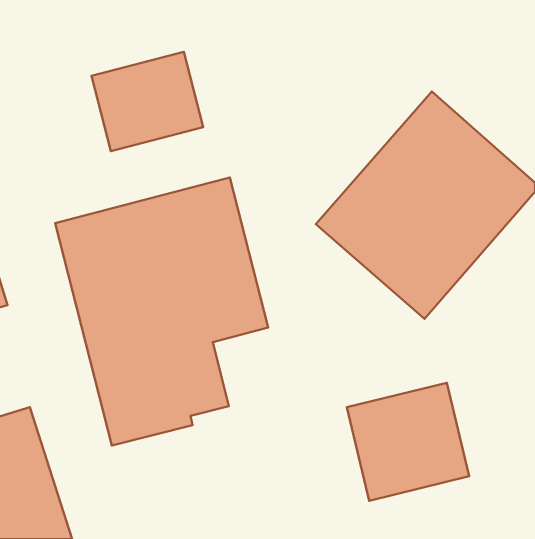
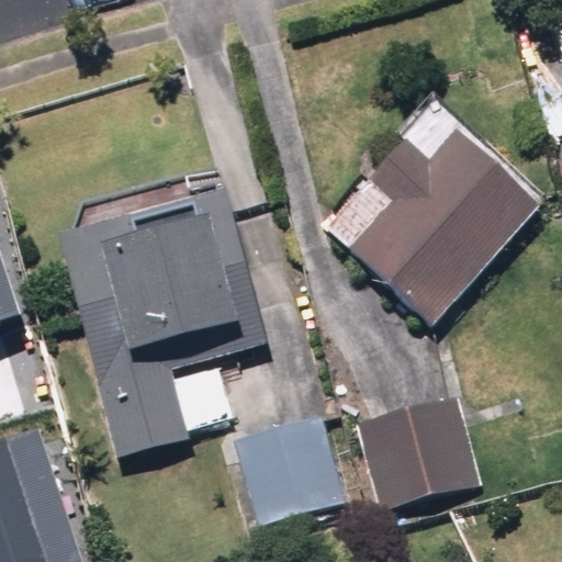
building: [92,52,203,151] -> none
building: none -> [229,412,340,531]

